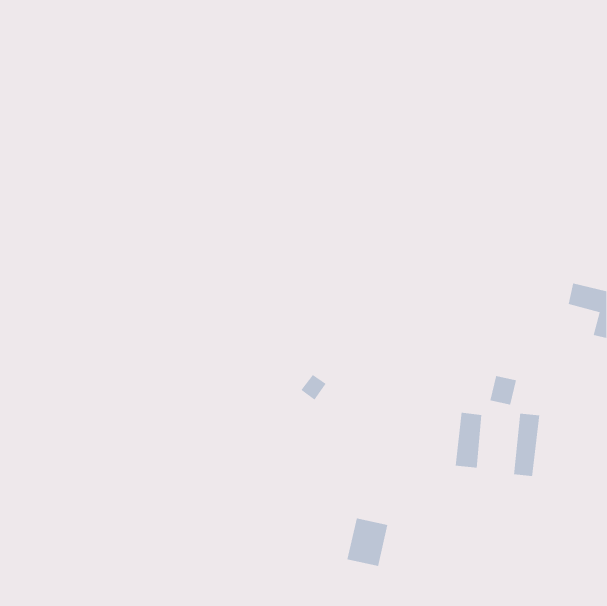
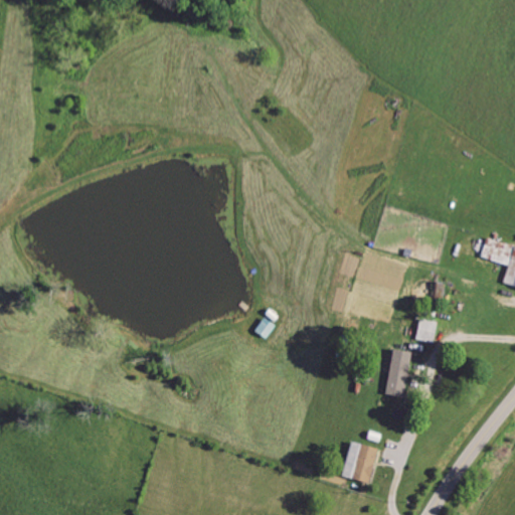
building: [513,413,540,477] -> none
building: [347,518,388,566] -> [341,442,376,483]

